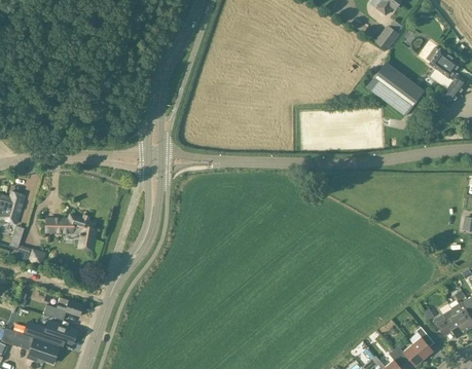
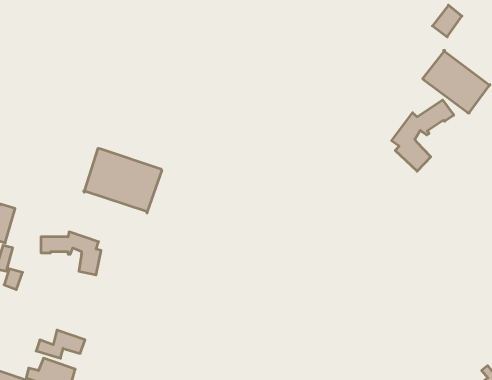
building: none -> [392,100,454,171]
building: none -> [84,148,162,213]

